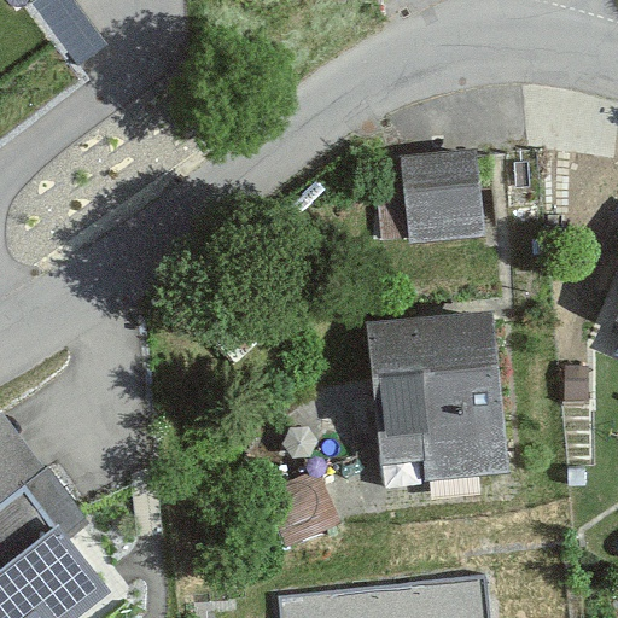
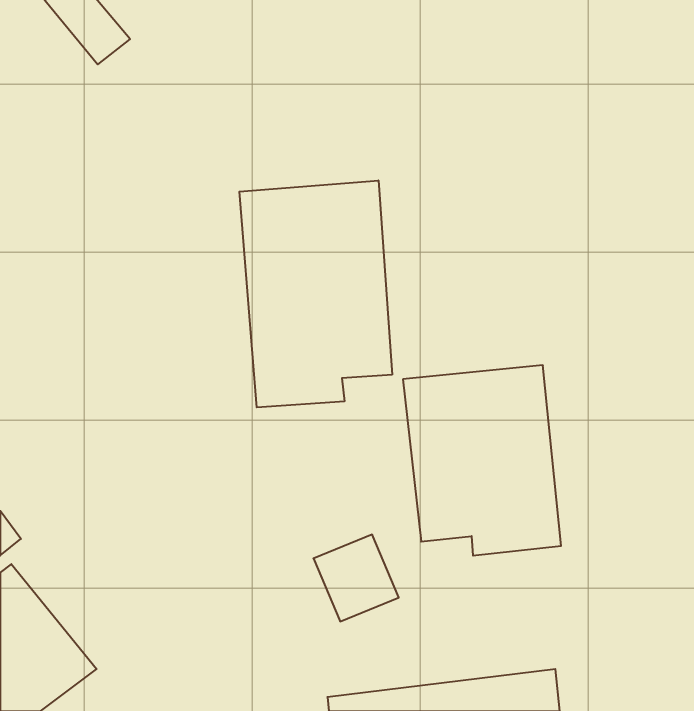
building: [403,152,479,249] -> none
building: none -> [239,180,392,407]

